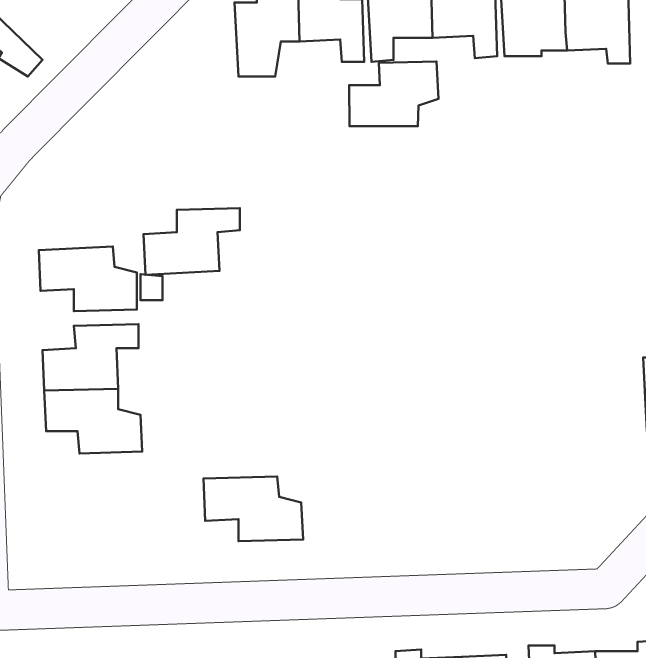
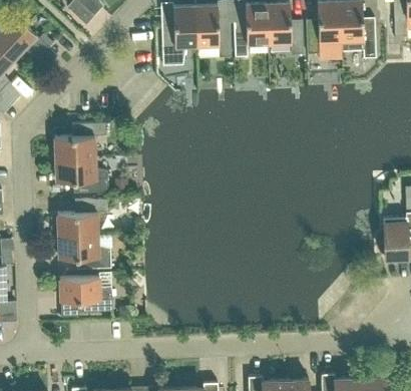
building: [349,61,439,126] -> none
building: [144,208,240,275] -> [53,123,105,159]
building: [203,477,303,541] -> [58,277,112,312]

